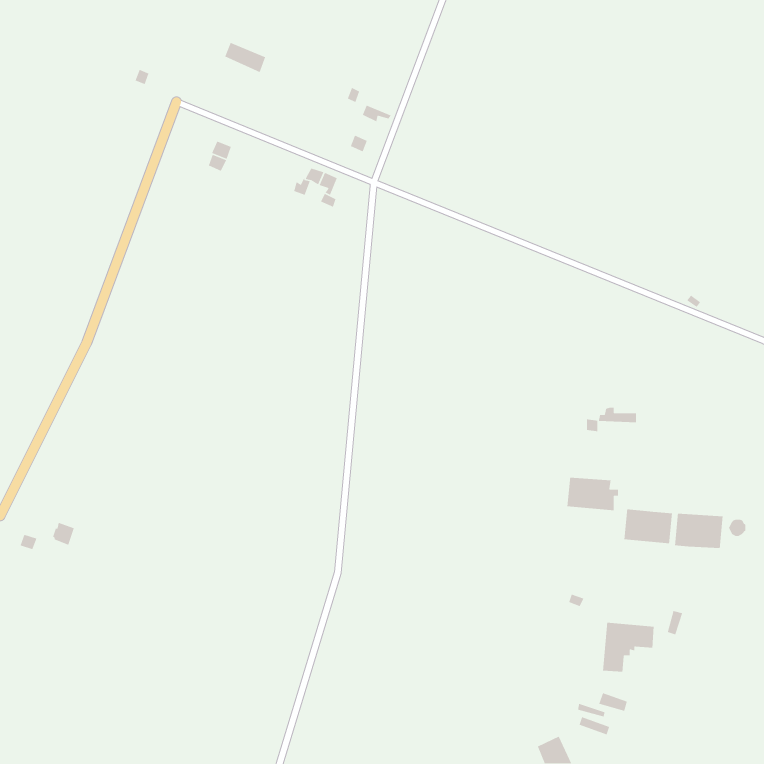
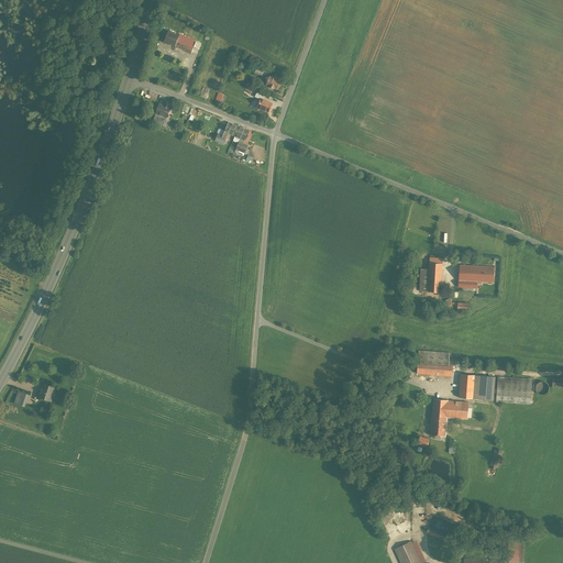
building: none -> [420,258,442,292]
building: none -> [459,265,494,283]
building: [602,622,654,673] -> [430,399,468,437]

